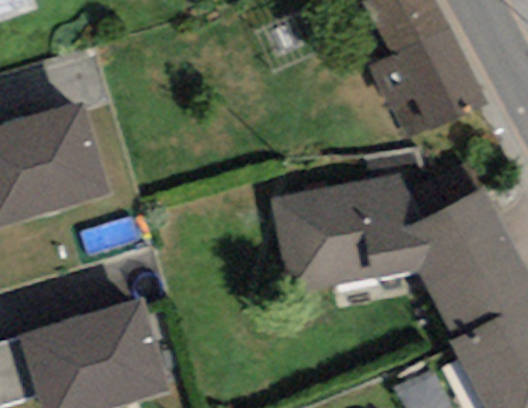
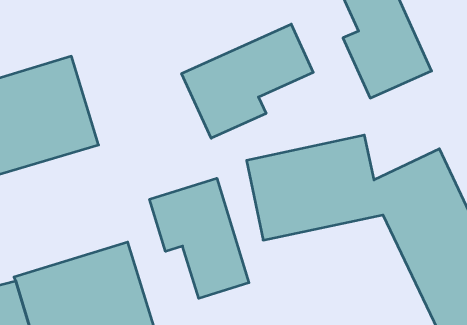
building: none -> [182,24,313,138]
building: none -> [150,178,249,298]

